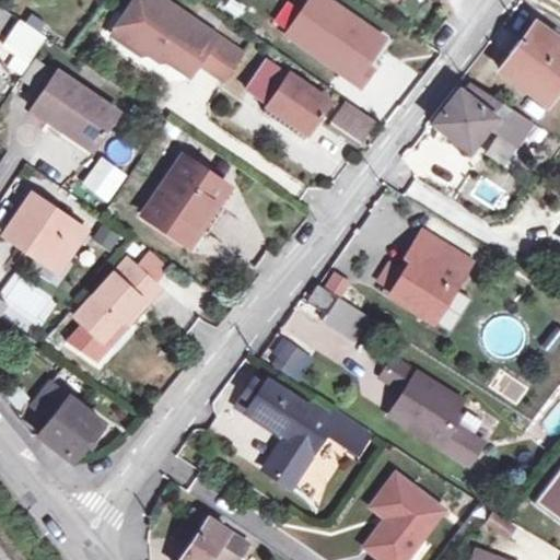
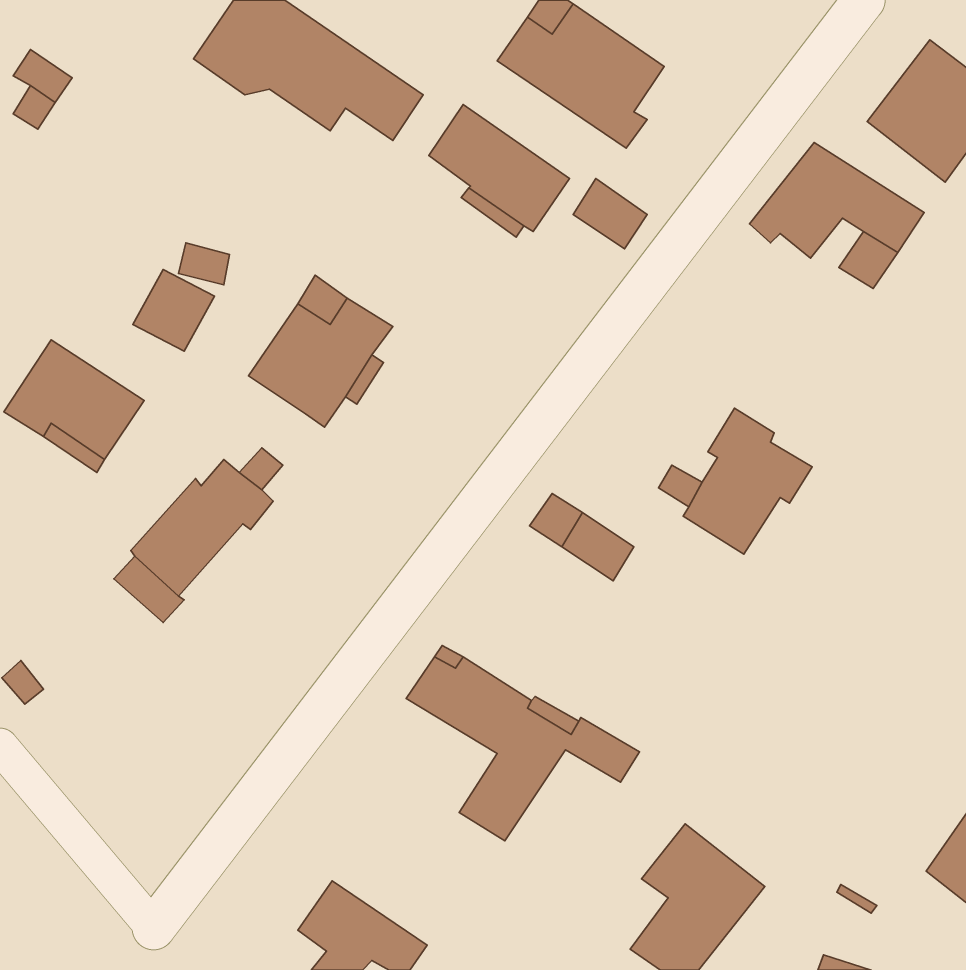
building: [32,72,118,151] -> none
building: [267,336,310,377] -> none
building: [382,357,482,463] -> none
building: [33,383,104,463] -> none

